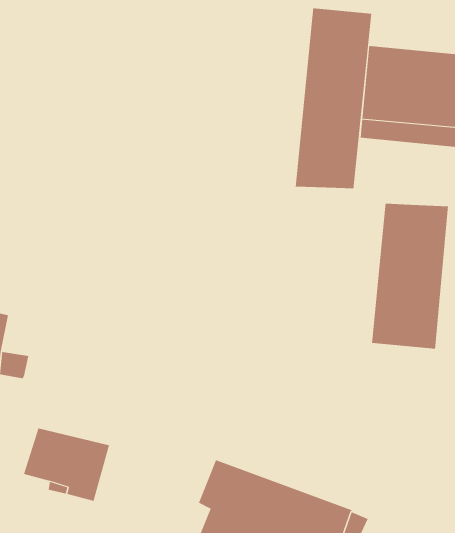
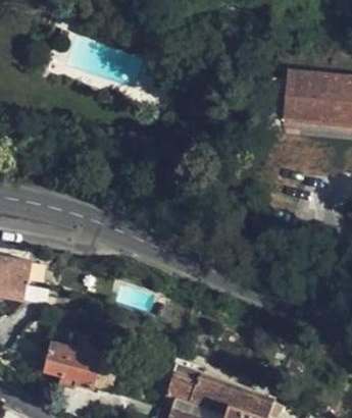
building: [295,7,372,189] -> none
building: [372,203,448,349] -> none

